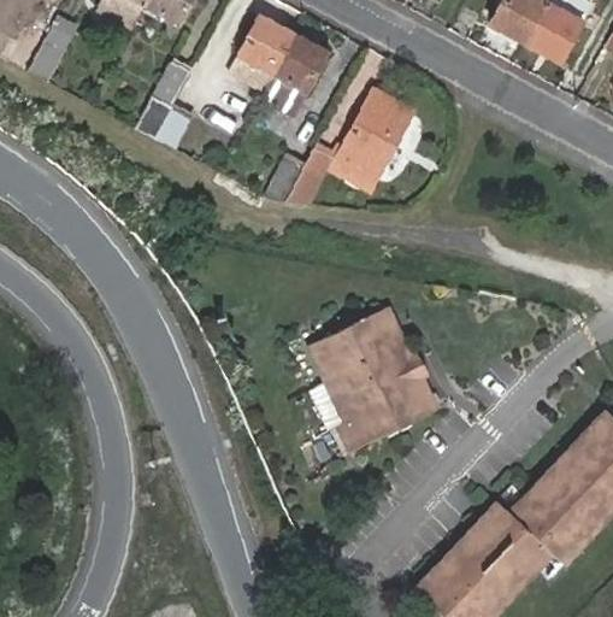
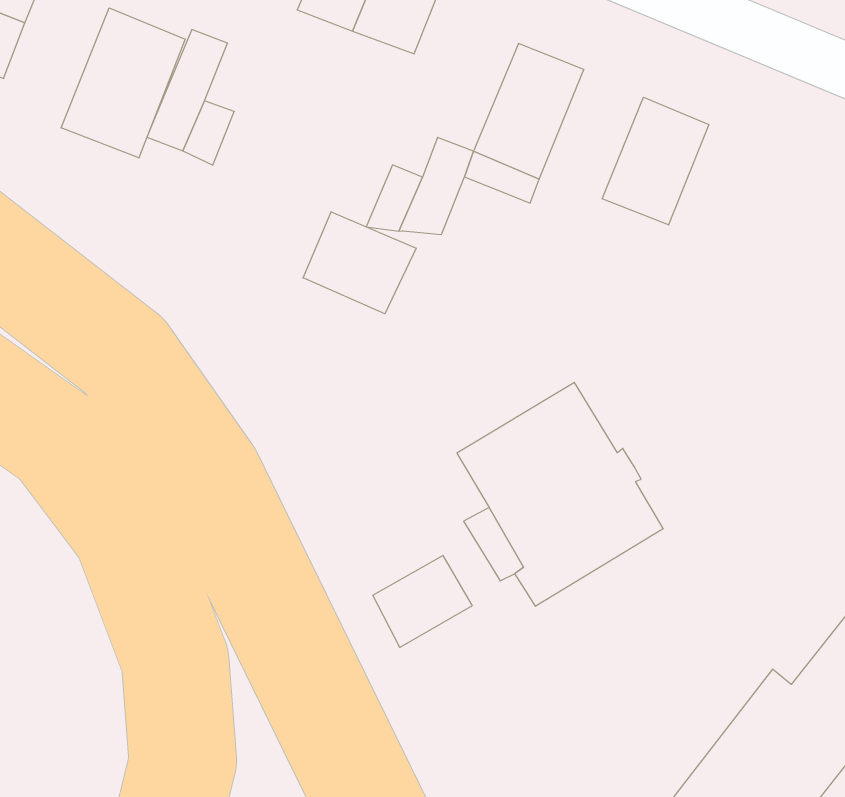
building: none -> [61,8,185,158]
building: none -> [602,97,709,225]
building: none -> [303,212,416,314]
building: none -> [373,555,472,648]

